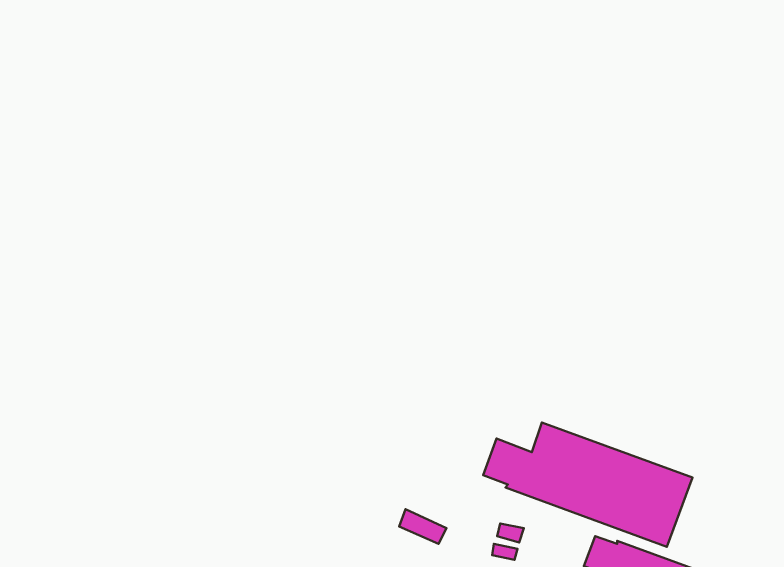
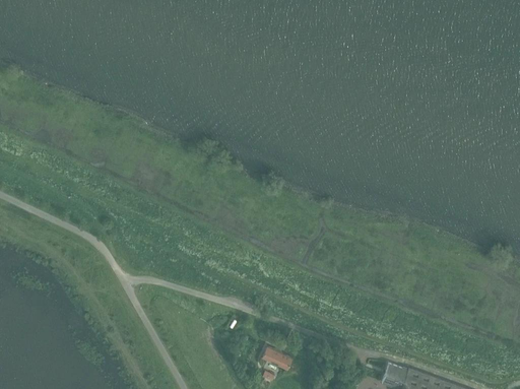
building: [483,423,692,547] -> none

